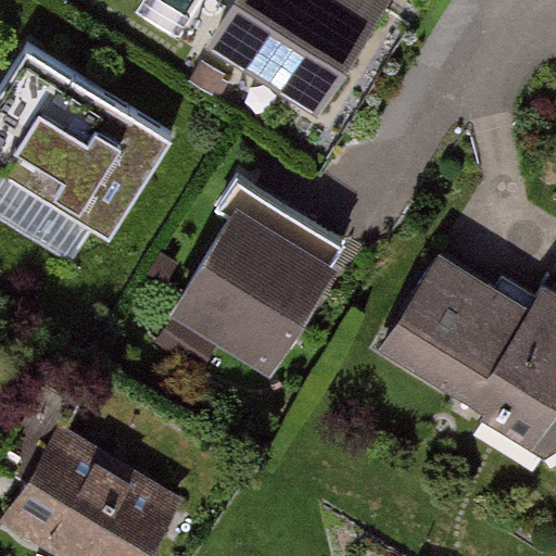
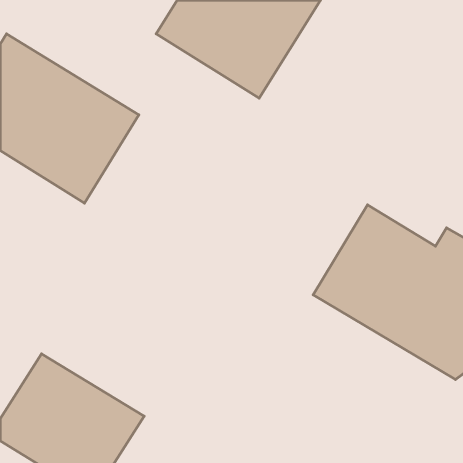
building: [167,189,348,376] -> none

